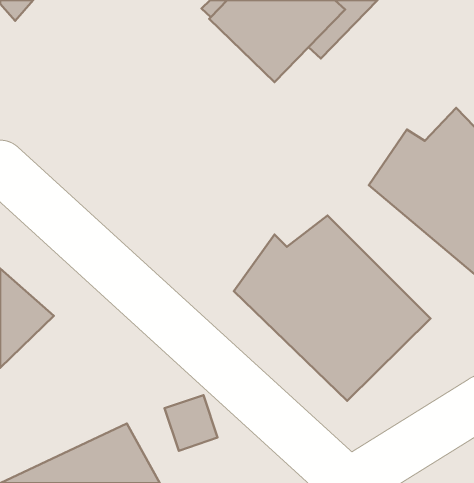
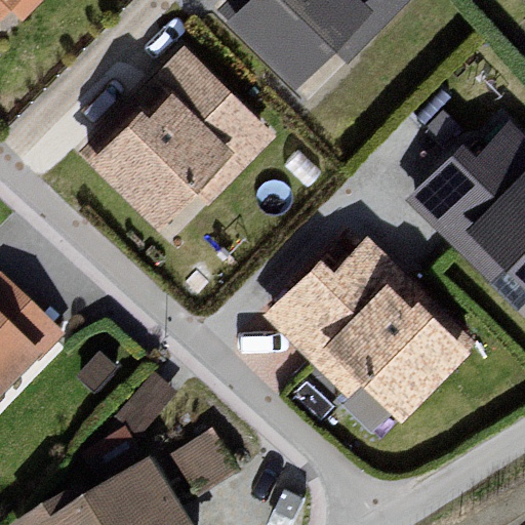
building: none -> [80,45,273,224]

